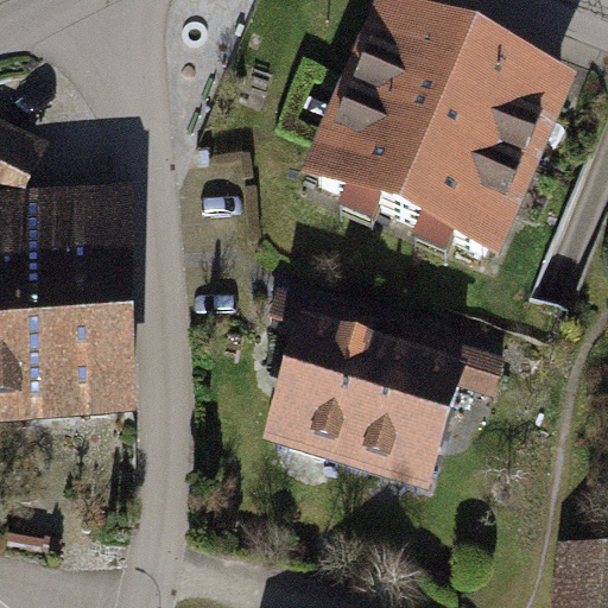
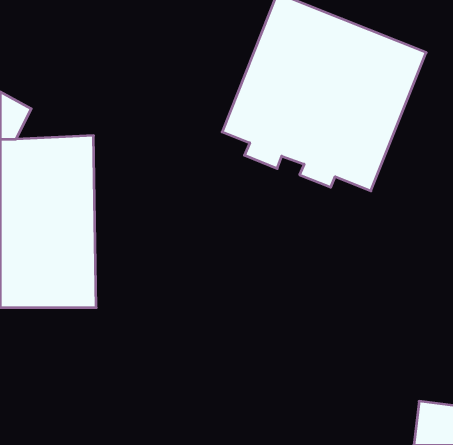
building: [260,287,500,489] -> none

